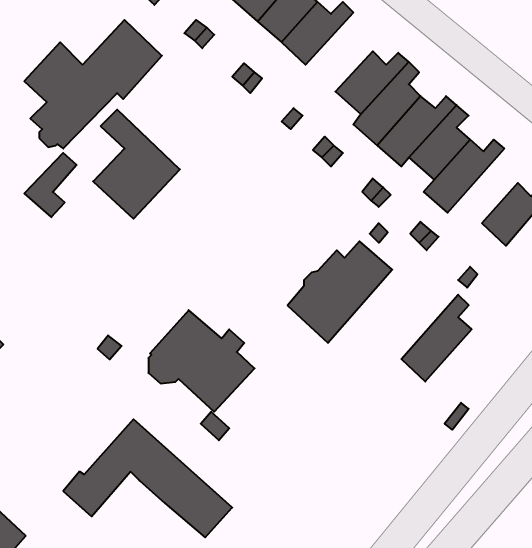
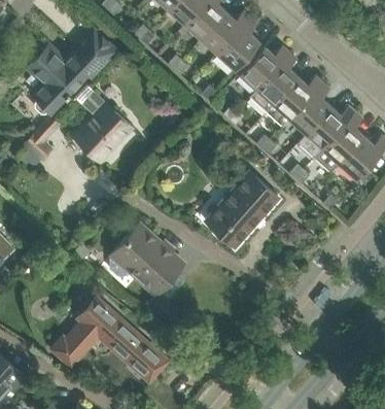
building: none -> [218,20,259,71]
building: [401,295,472,382] -> [316,113,364,173]

